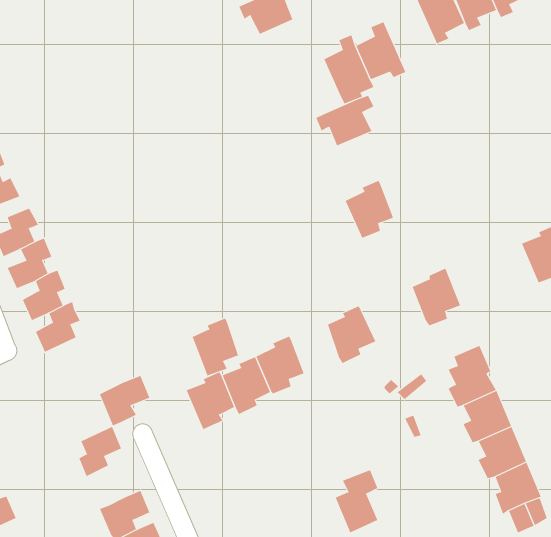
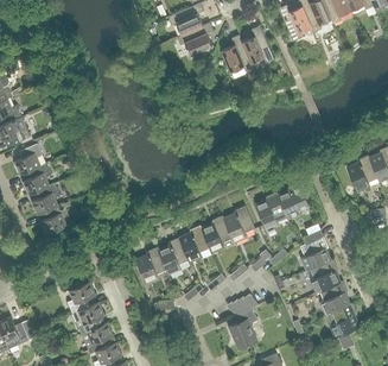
building: [316,95,374,146] -> [177,23,214,55]
building: [345,180,394,238] -> [255,191,286,228]
building: [192,318,239,376] -> [202,215,231,252]
building: [99,375,150,426] -> [72,302,104,334]

